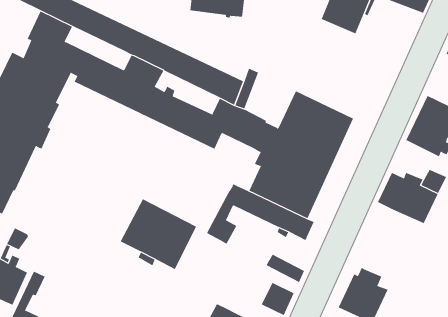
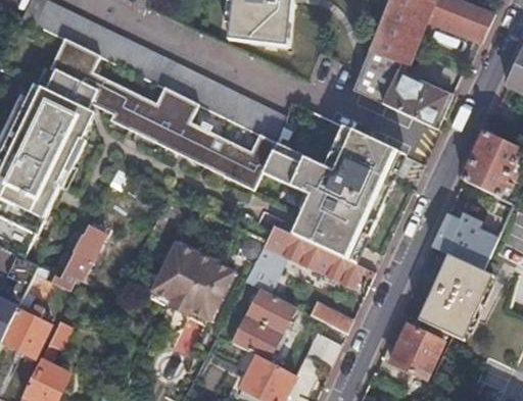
building: none -> [352,47,451,129]
building: none -> [53,235,101,290]
building: none -> [417,254,492,338]
building: none -> [230,288,295,360]

